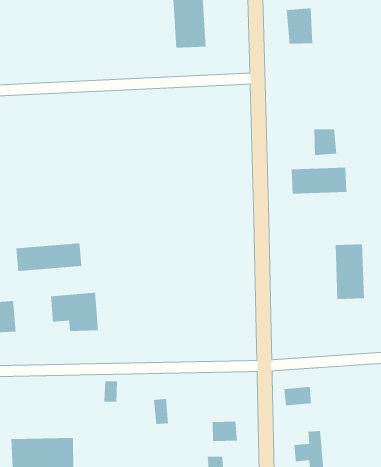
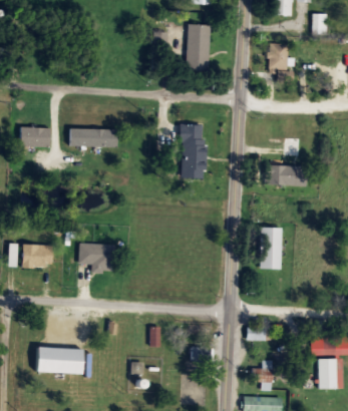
building: none -> [180,124,205,177]
building: [16,242,82,272] -> [68,128,116,146]
building: [335,244,365,300] -> [260,229,283,271]

